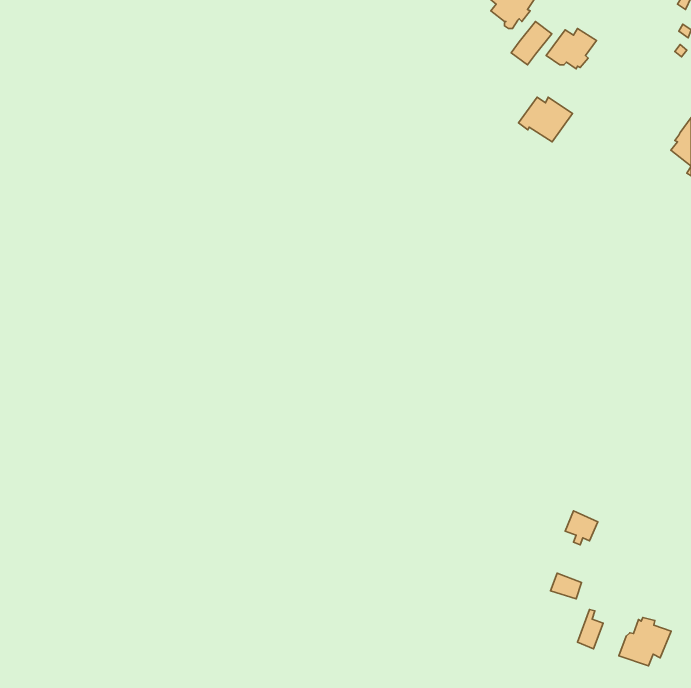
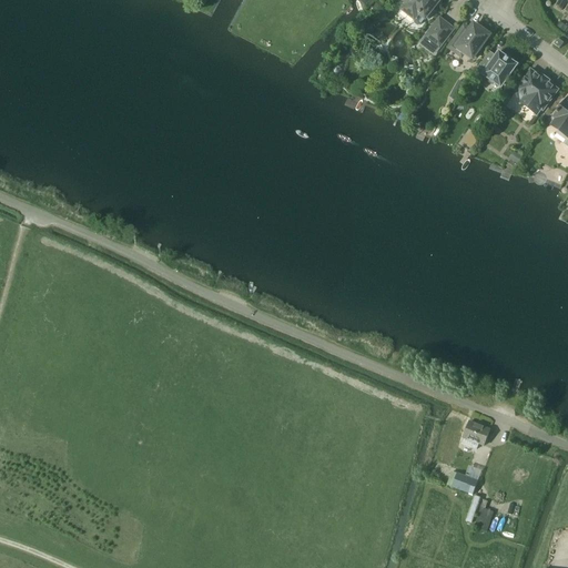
building: none -> [516,69,557,113]
building: [518,97,572,142] -> [474,50,518,87]
building: [619,618,671,666] -> none

